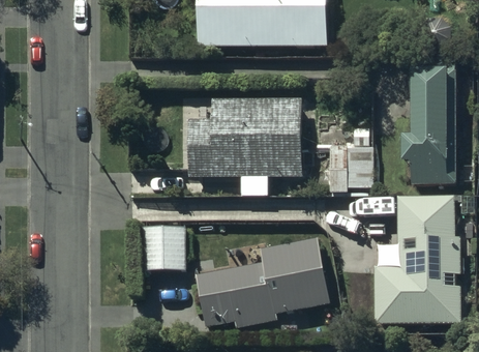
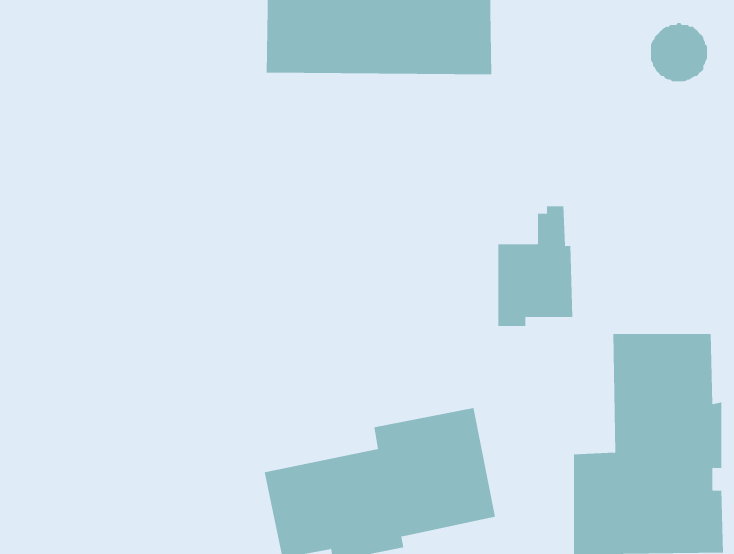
building: [402,59,456,184] -> none
building: [188,99,302,195] -> none
building: [142,227,185,268] -> none

